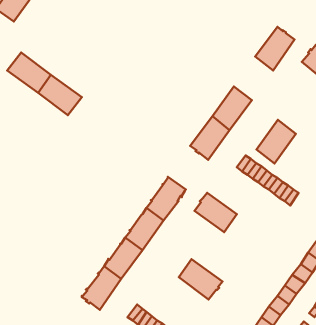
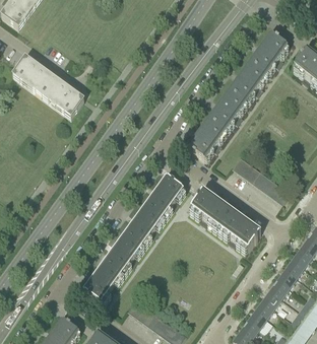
building: [257,120,296,163] -> [229,61,266,102]
building: [179,259,222,299] -> [219,211,261,250]

